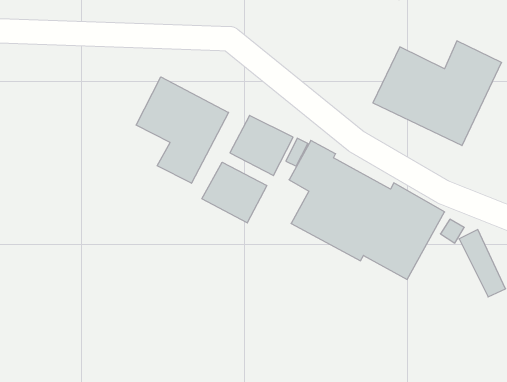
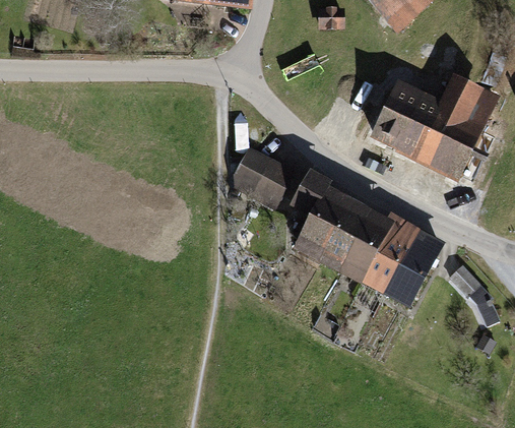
building: [136,77,229,183] -> none
building: [202,162,267,223] -> none

